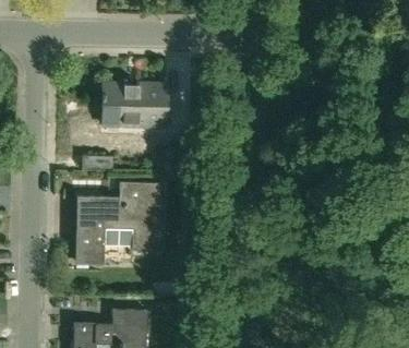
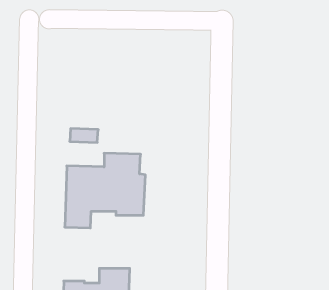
building: [103,83,167,127] -> none

